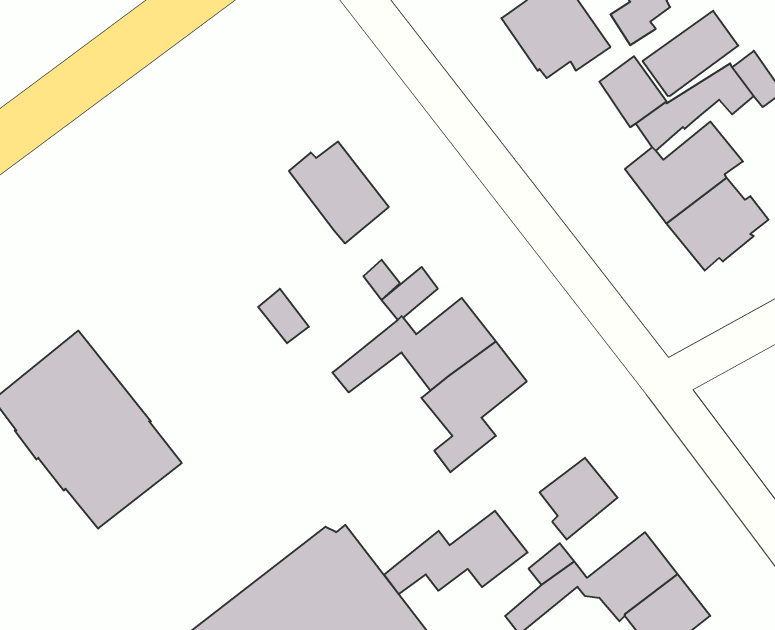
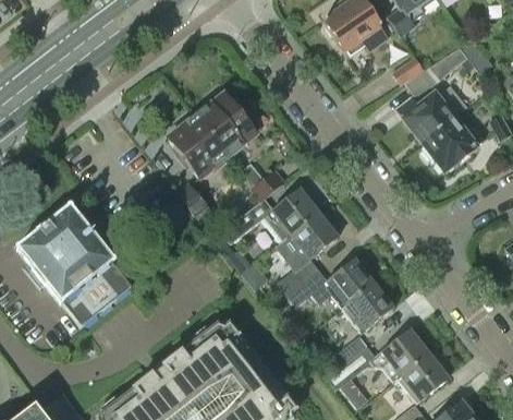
building: [643,11,738,96] -> none
building: none -> [169,110,230,177]
building: [384,511,528,594] -> [288,257,374,308]

